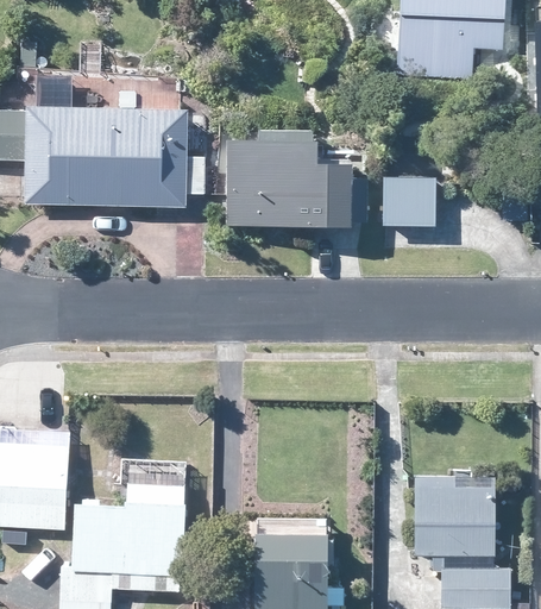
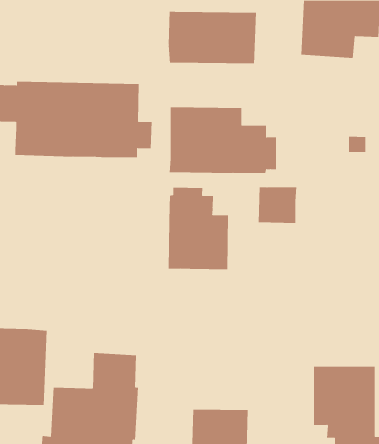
building: none -> [168,11,256,64]
building: [382,178,433,226] -> [258,187,297,223]
building: none -> [168,187,229,270]

